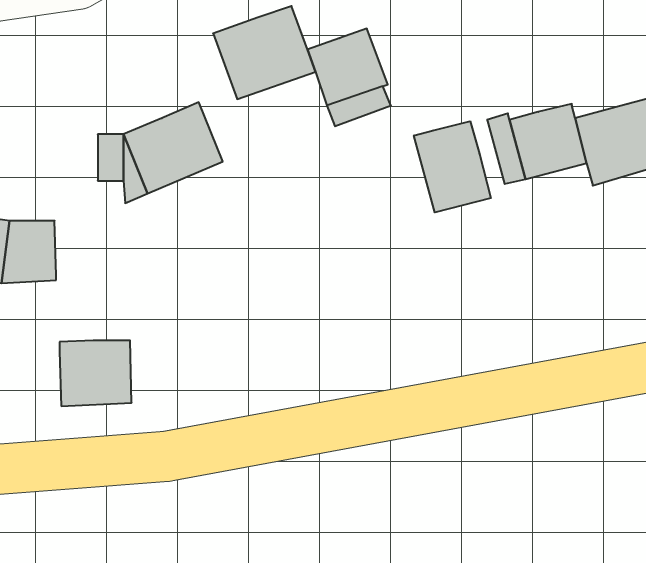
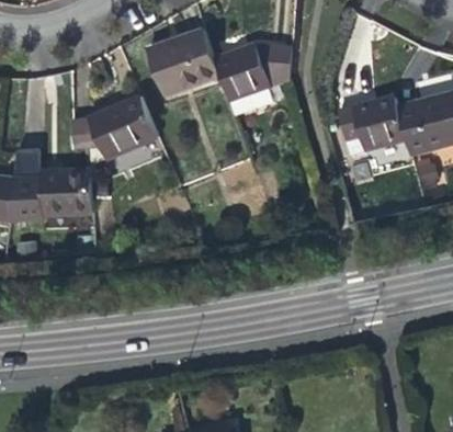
building: none -> [256,46,292,86]
building: [414,121,491,212] -> none
building: [60,340,132,406] -> [42,170,91,215]

